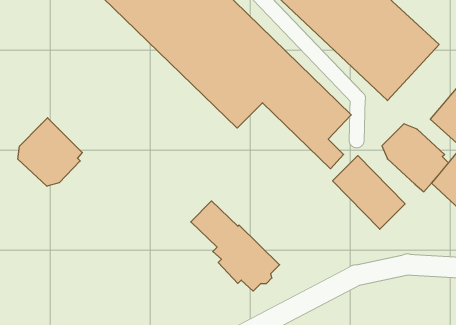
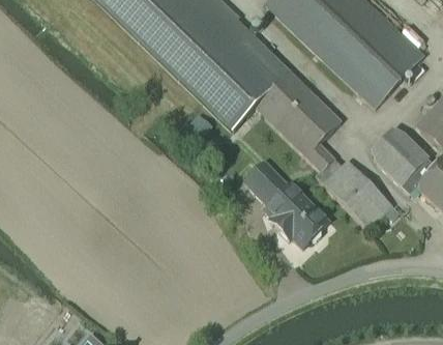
building: [18,118,82,186] -> none
building: [191,201,280,291] -> [243,161,327,246]

